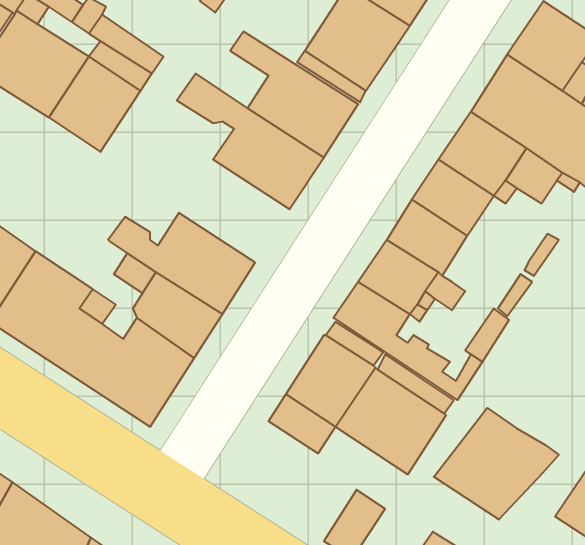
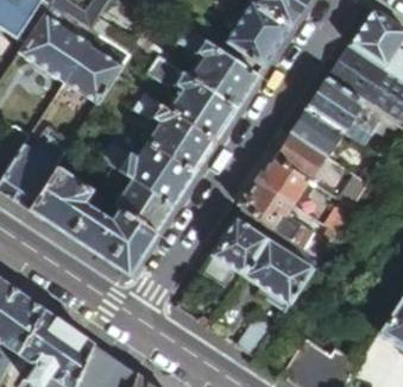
building: none -> [136,93,215,173]
building: [434,408,559,520] -> none

